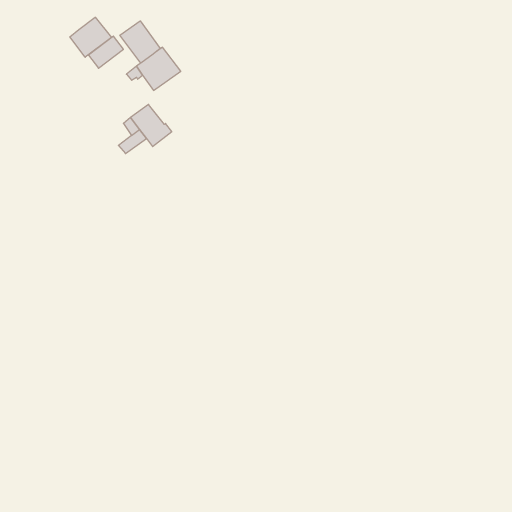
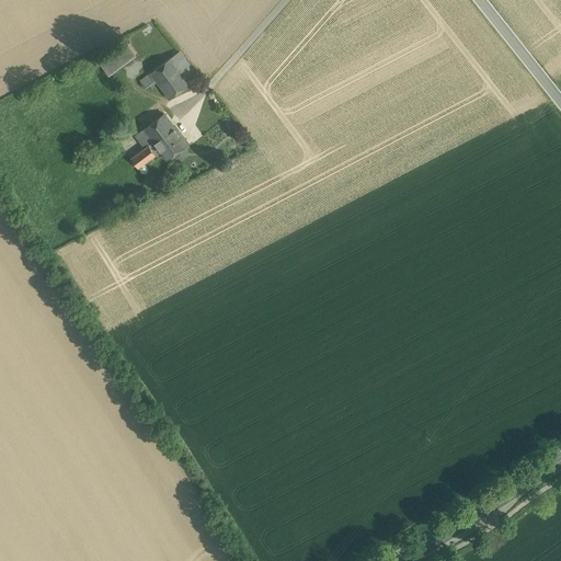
building: [70,17,111,57] -> none
building: [120,21,160,63] -> none

